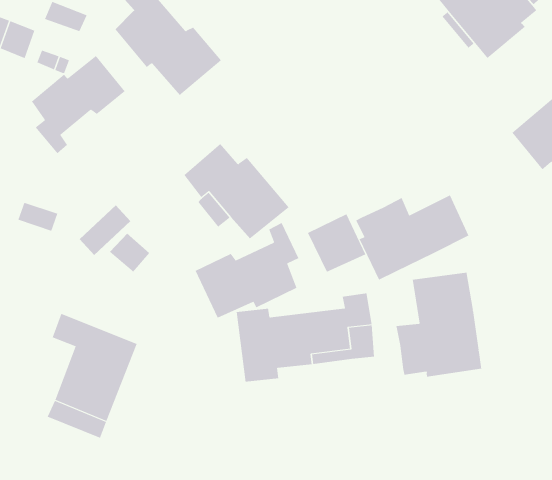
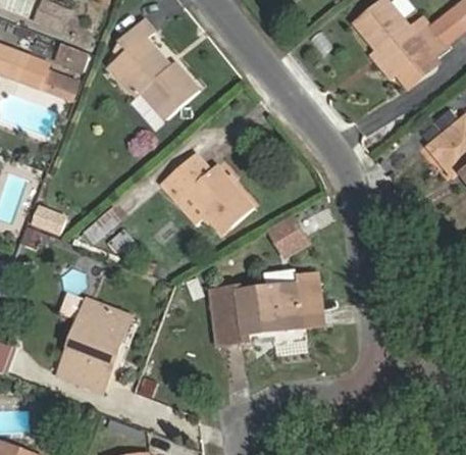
building: [31,55,125,154] -> none
building: [356,195,469,280] -> none
building: [195,222,299,319] -> none
building: [396,272,482,377] -> none

